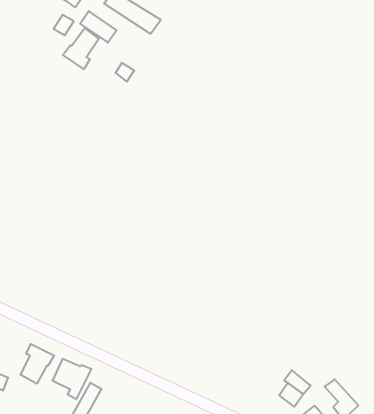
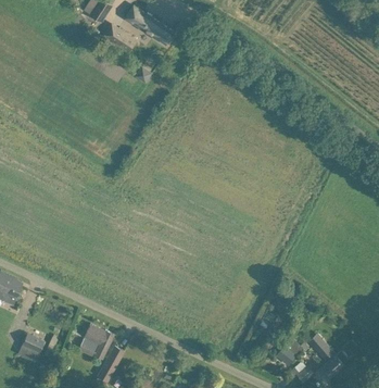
building: [63,28,99,69] -> none
building: [21,344,54,384] -> none

